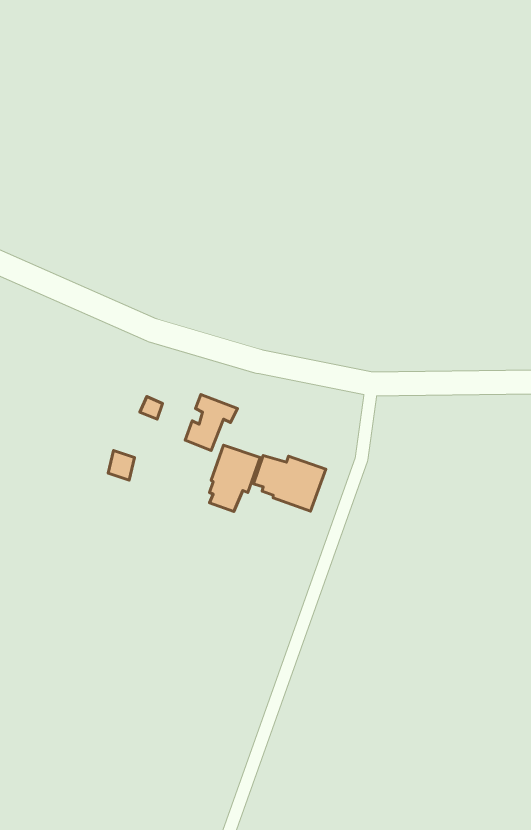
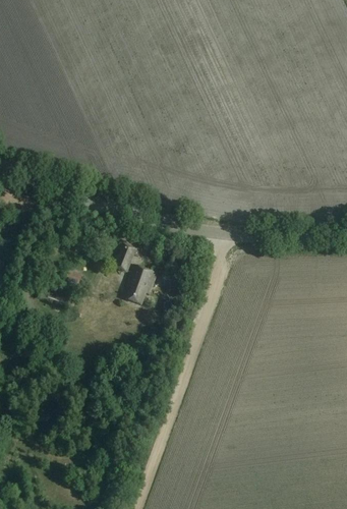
building: [253,456,326,511] -> none

